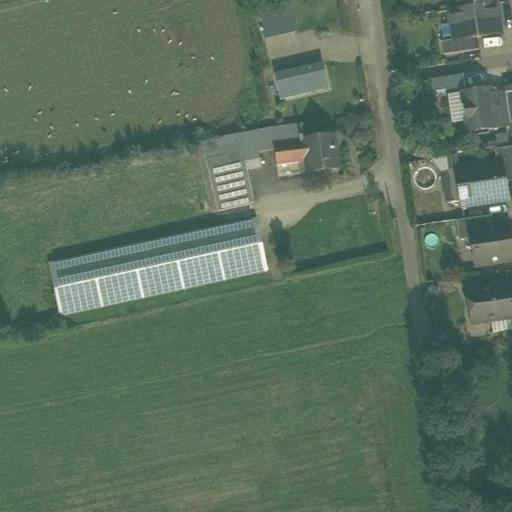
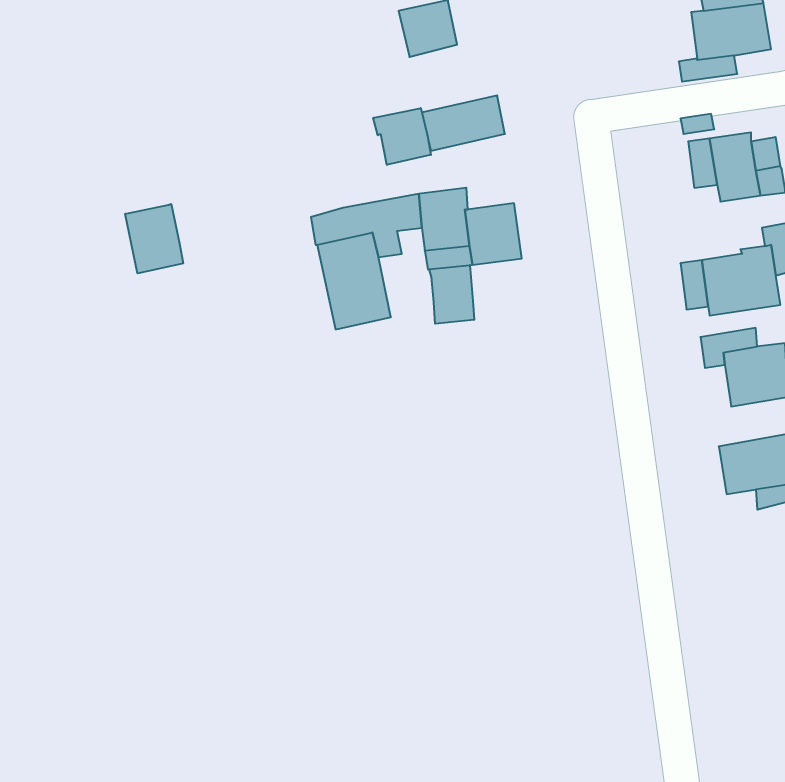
building: none -> [373,108,431,165]
building: none -> [125,204,183,273]
building: none -> [429,265,474,324]
building: [50,216,268,315] -> none

